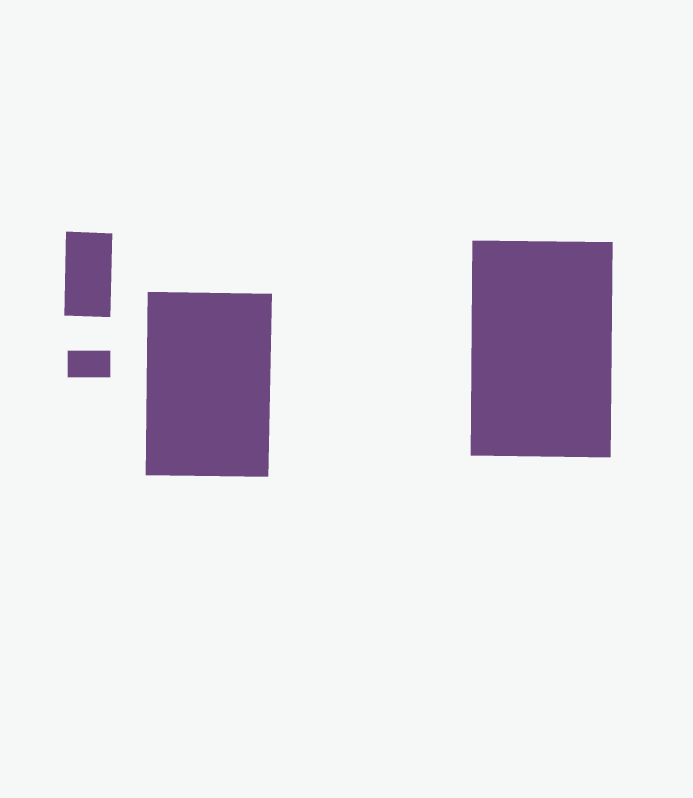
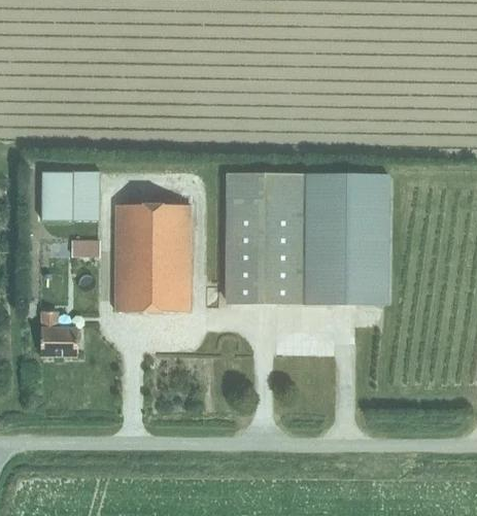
building: none -> [40,170,71,219]
building: none -> [226,175,301,301]
building: none -> [40,310,77,355]

